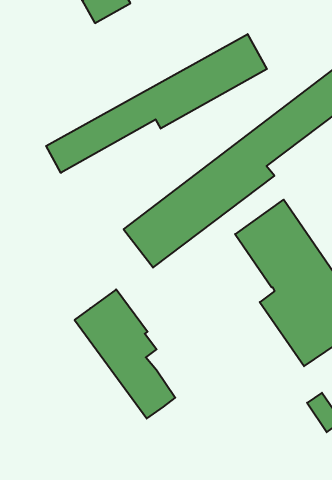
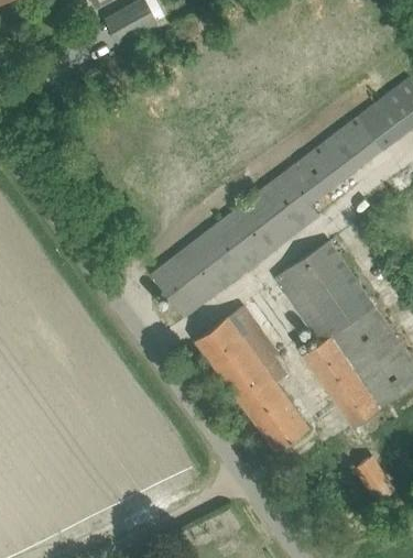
building: [46,34,267,173] -> none
building: [75,289,175,419] -> [197,306,309,450]

